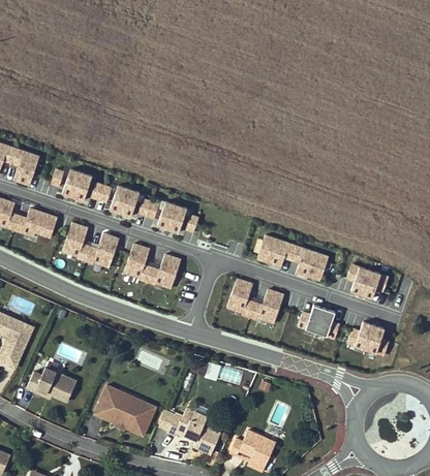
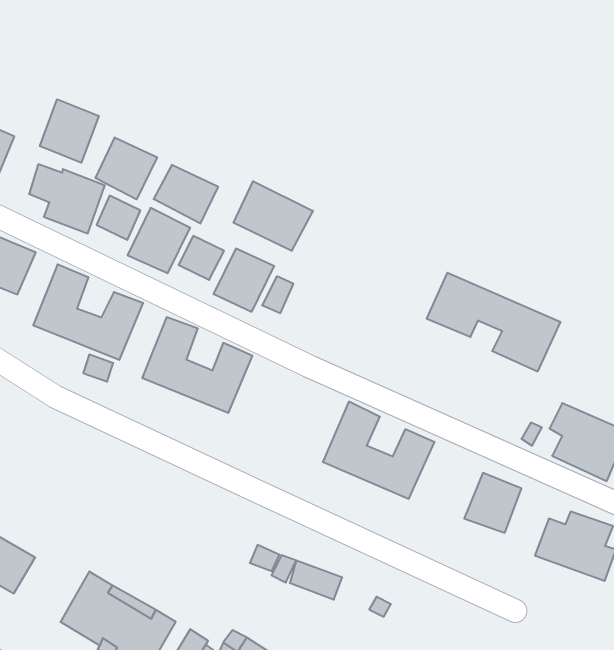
building: none -> [40,99,99,163]
building: none -> [96,137,157,199]
building: none -> [154,165,218,224]
building: none -> [233,181,313,251]
building: [256,235,329,283] -> [427,273,561,371]

